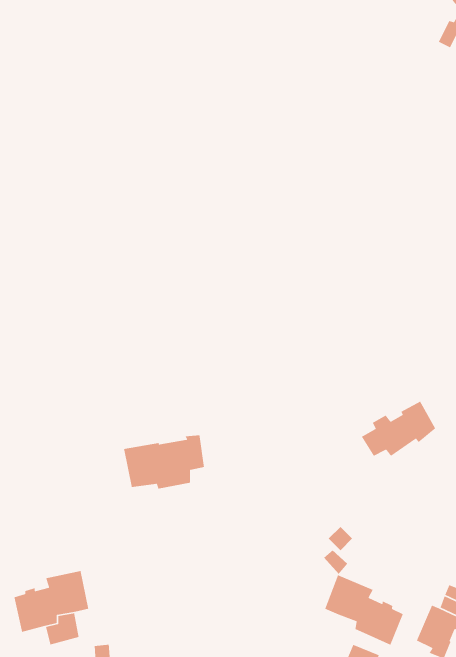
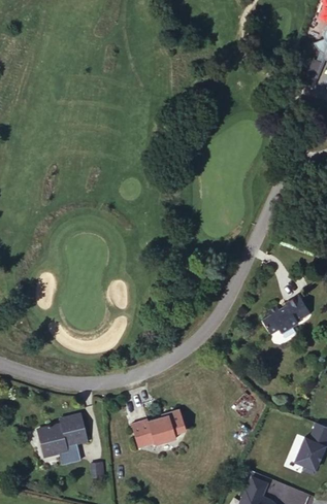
building: [123,434,205,489] -> [129,412,183,448]
building: [324,574,404,646] -> none

